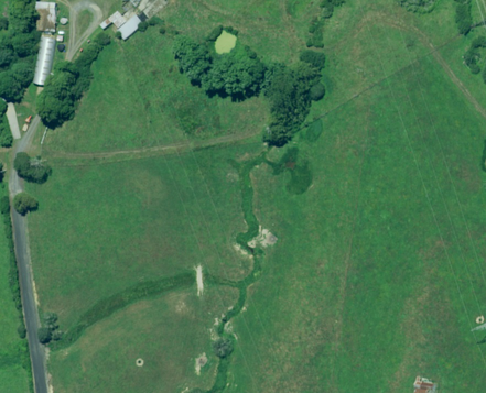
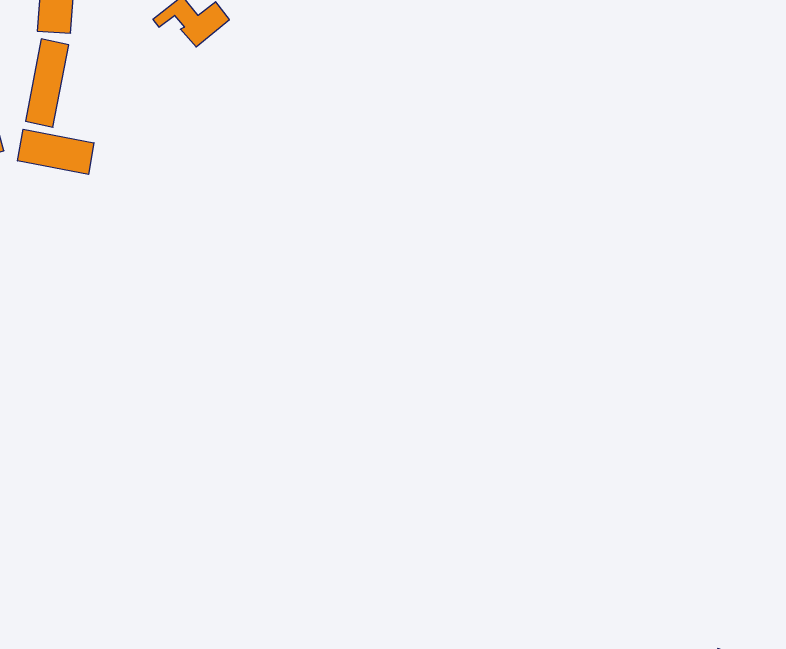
building: none -> [18,129,94,174]

